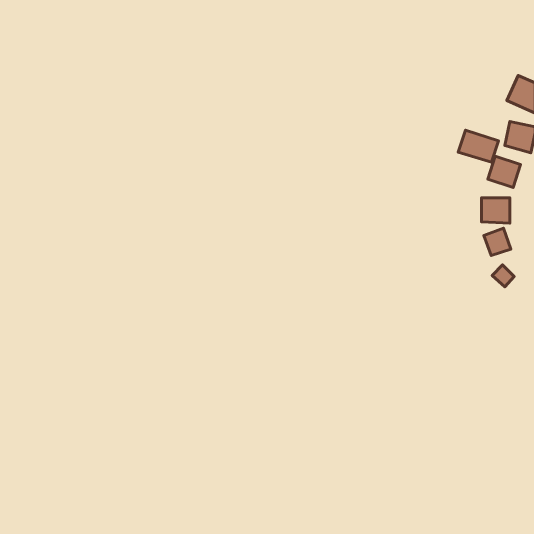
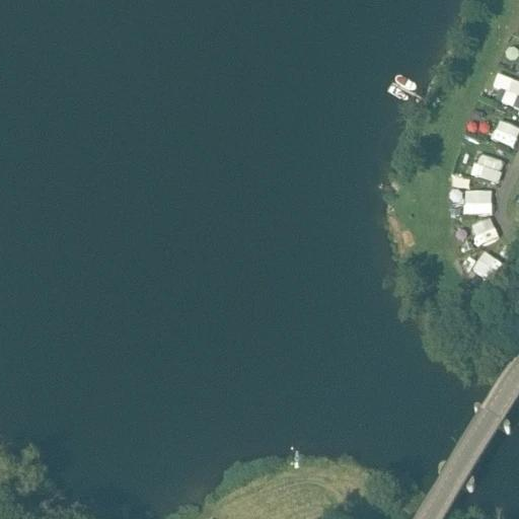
building: [458,130,498,162] -> none

